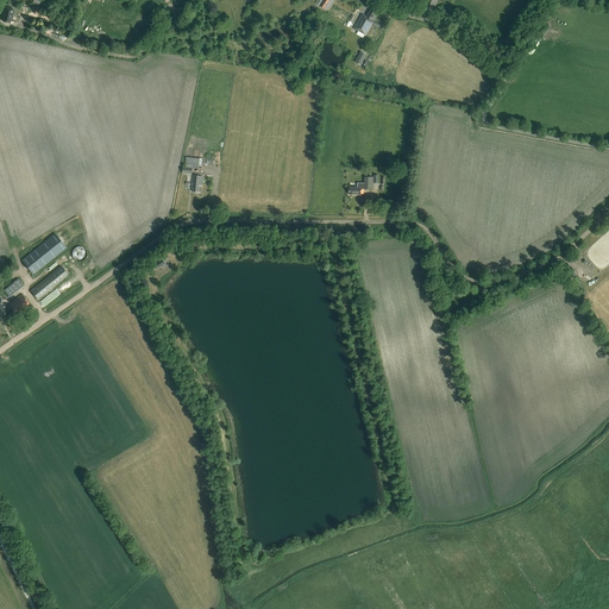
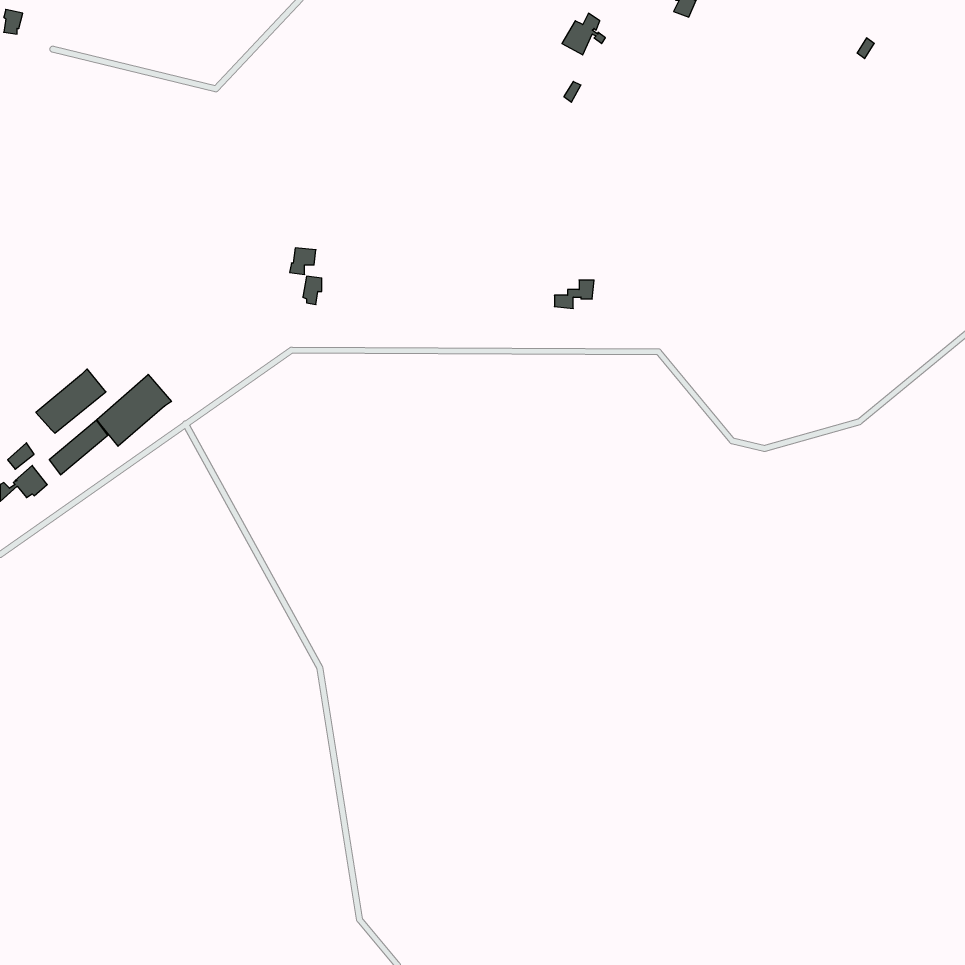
building: none -> [97,374,171,446]

